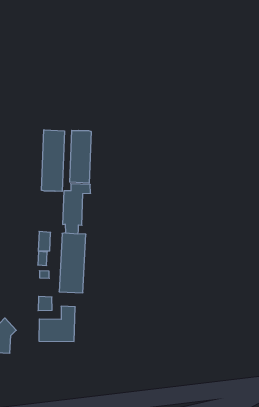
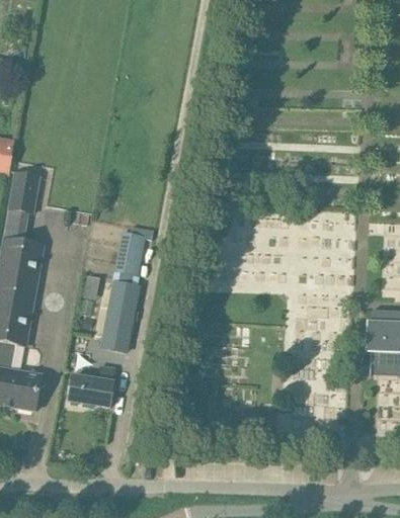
building: [41,130,64,191] -> none
building: [70,130,91,183] -> none

